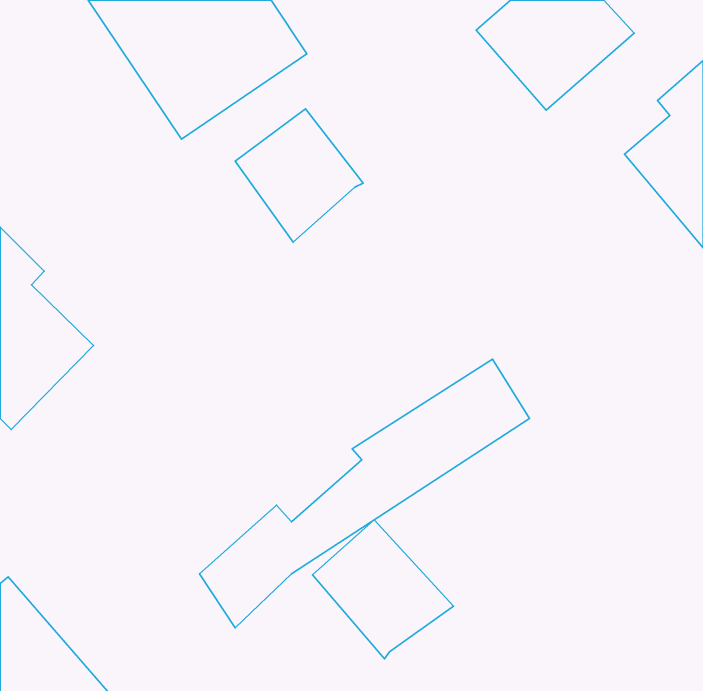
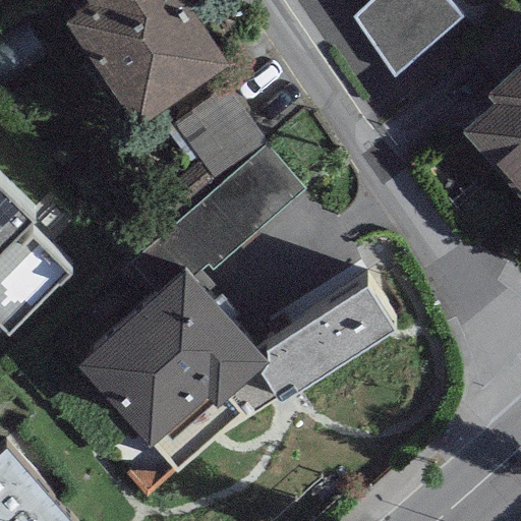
building: none -> [171,148,302,273]
building: none -> [75,255,268,433]
building: [312,520,454,659] -> none

